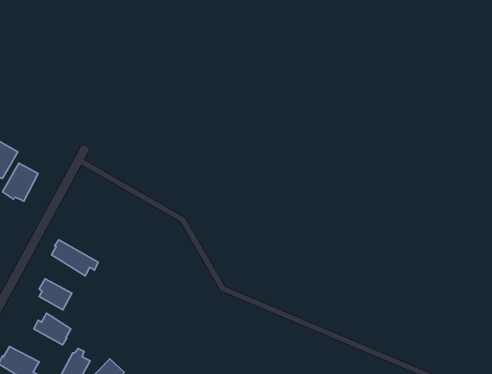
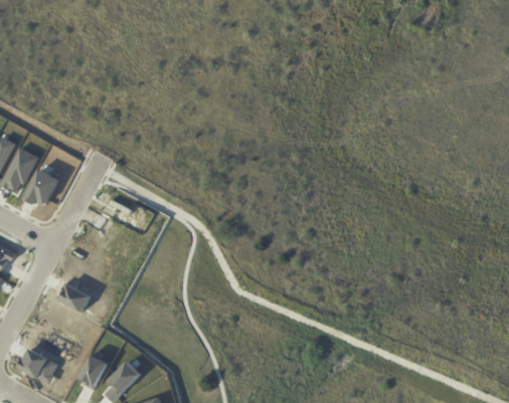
building: [51,240,98,276] -> none
building: [34,313,71,345] -> none

